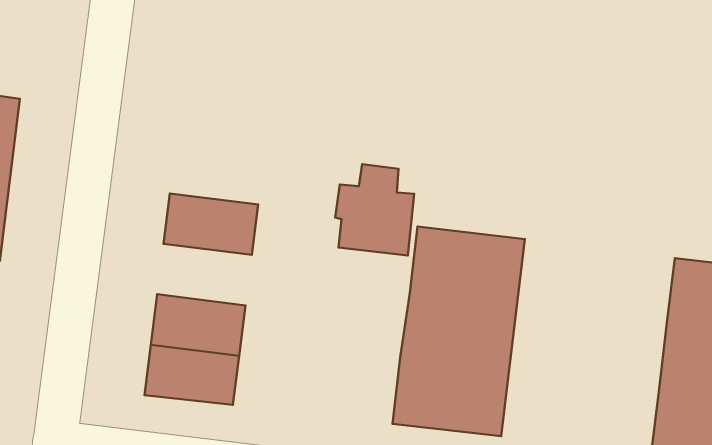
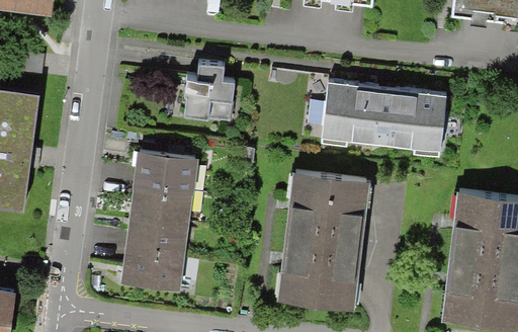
building: none -> [324,81,449,155]
building: [335,164,414,255] -> [186,62,237,120]
building: none -> [127,182,188,222]

